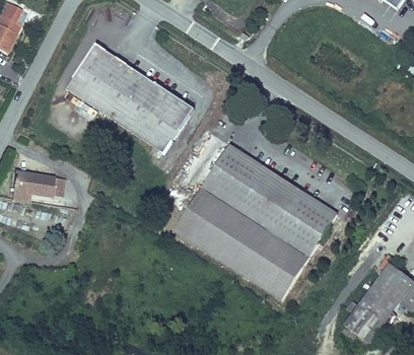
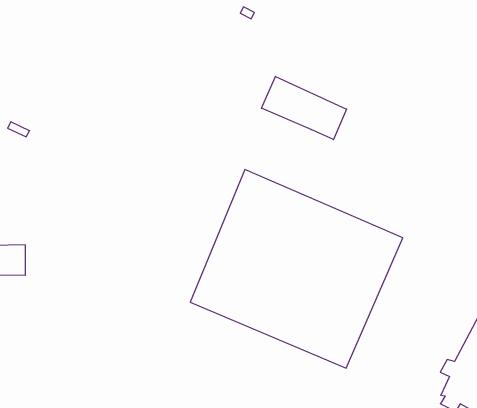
building: [69,44,195,152] -> none
building: none -> [261,76,347,140]

